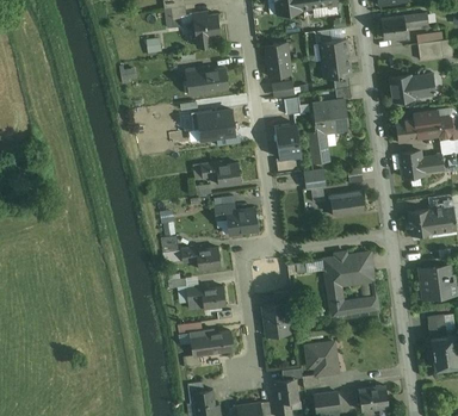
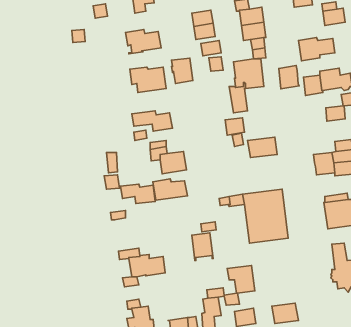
building: [274,125,299,155] -> [172,58,193,84]
building: [400,151,423,179] -> [279,65,299,89]
building: [186,285,227,310] -> [153,179,187,200]

